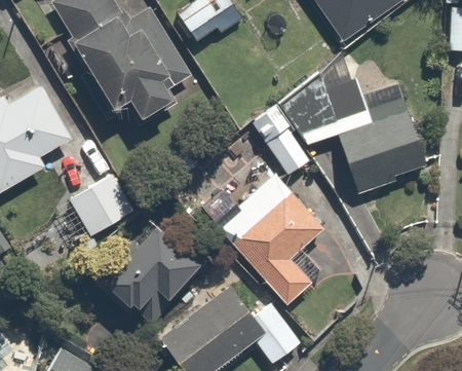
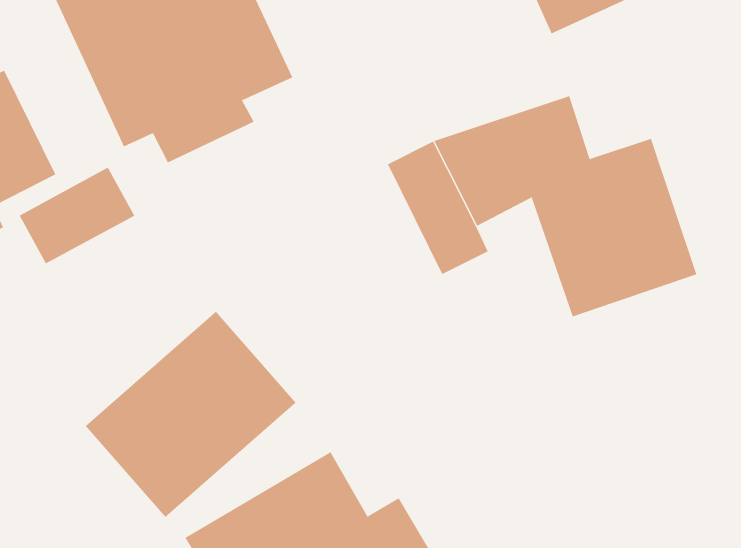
building: [66,171,129,226] -> [19,167,135,264]
building: [215,172,323,303] -> none

